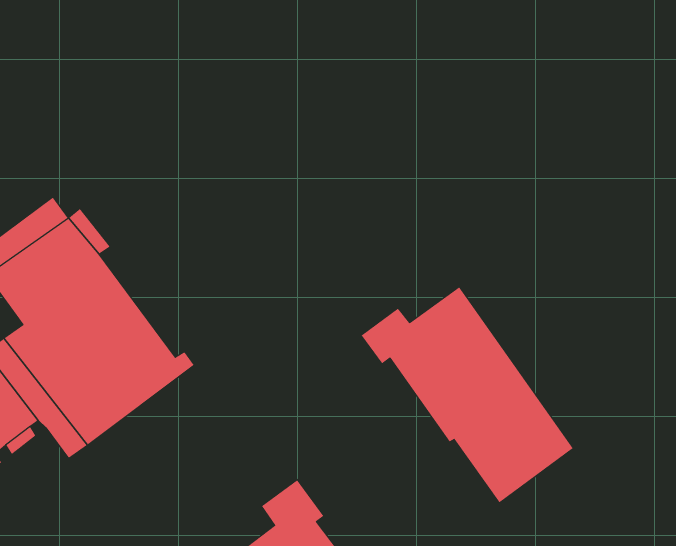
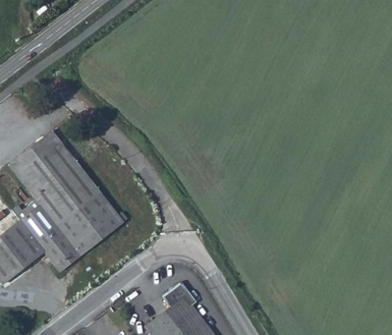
building: [361,287,574,503] -> none

